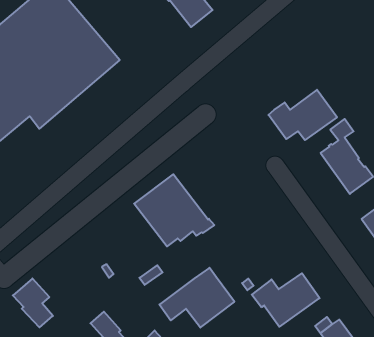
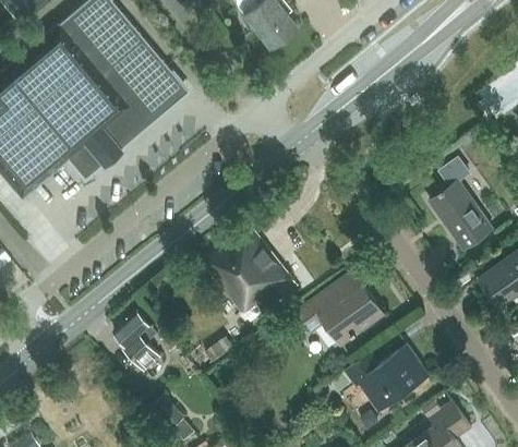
building: [268,90,337,140] -> none
building: [159,268,234,328] -> [291,274,383,347]
building: [13,278,53,327] -> [112,311,161,371]

